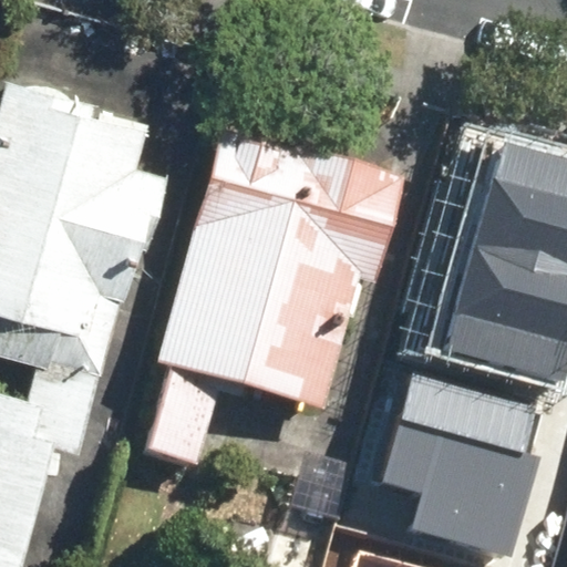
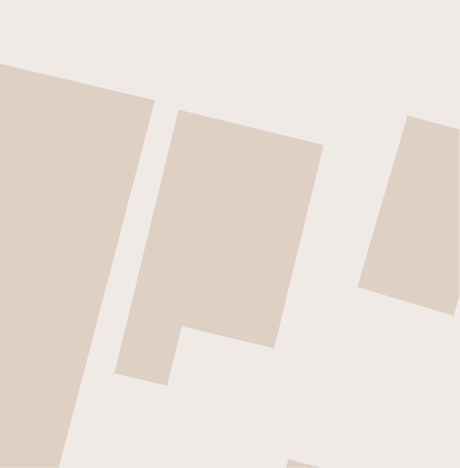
building: [357,367,532,558] -> none

